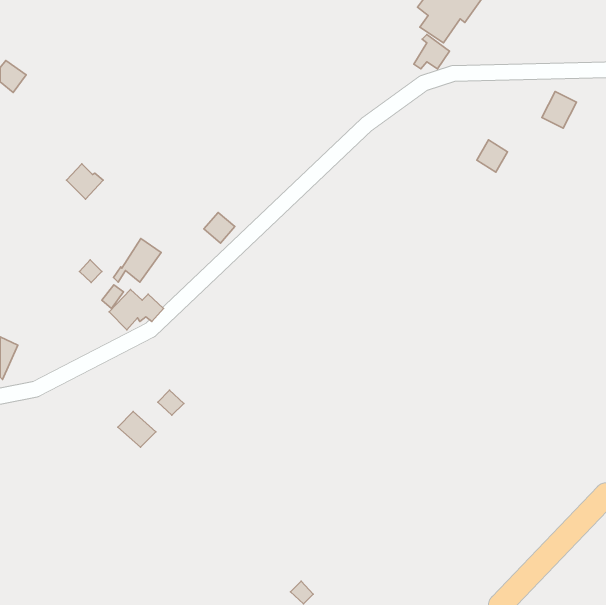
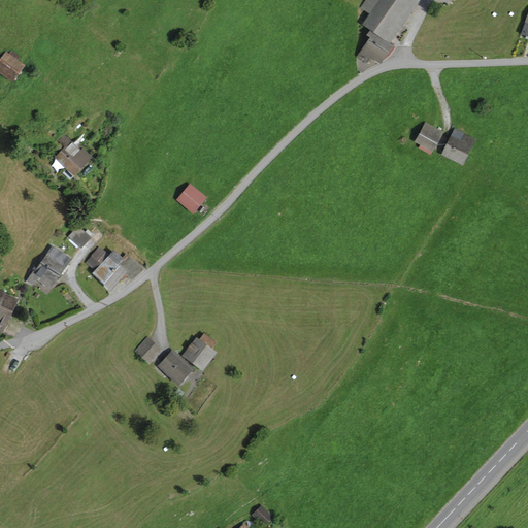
building: [542,92,576,128] -> [443,130,473,162]
building: [114,238,161,282] -> [28,246,69,285]
building: none -> [184,334,212,367]
building: [118,412,156,447] -> [159,352,192,383]

